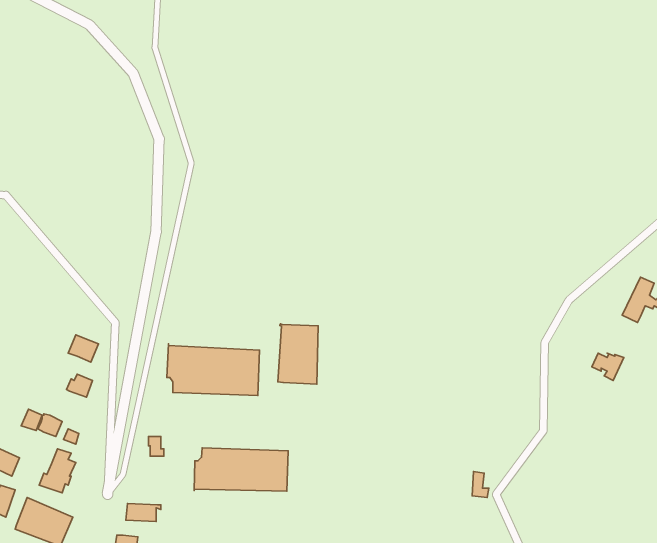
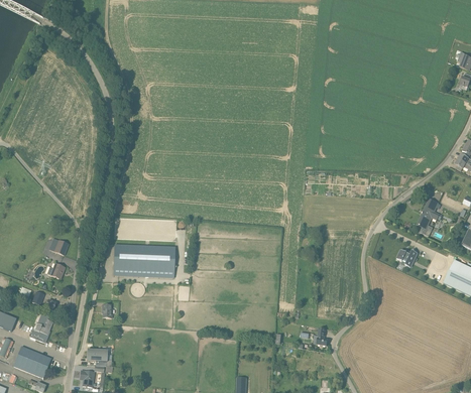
building: [278,324,318,384] -> none
building: [194,448,288,491] -> none

